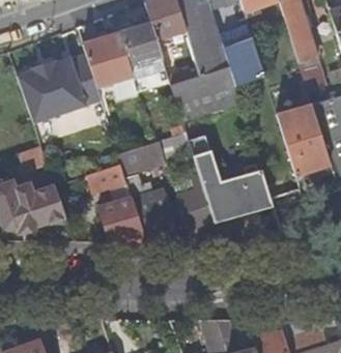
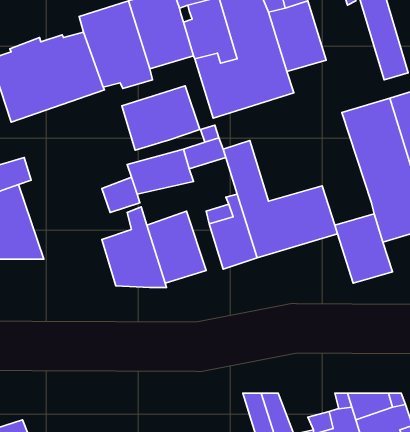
building: none -> [122,86,200,150]

